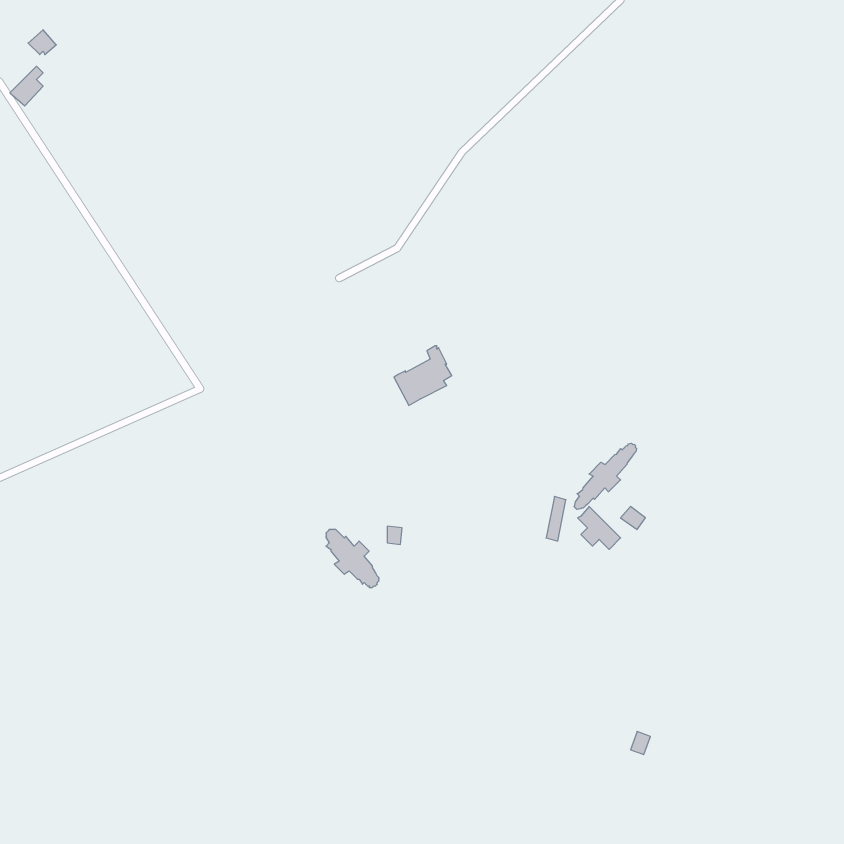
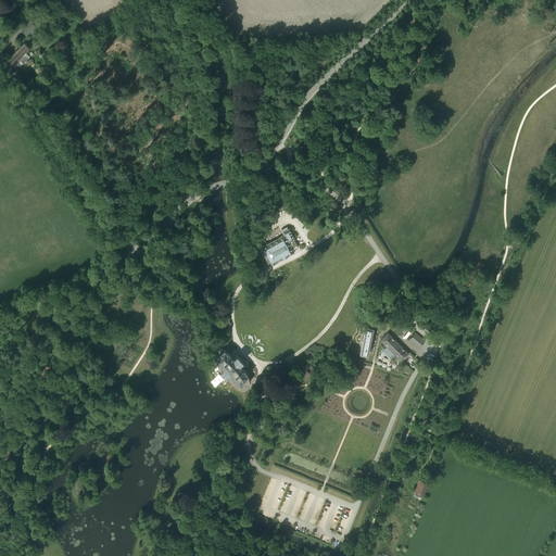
building: [574,443,637,509] -> none

